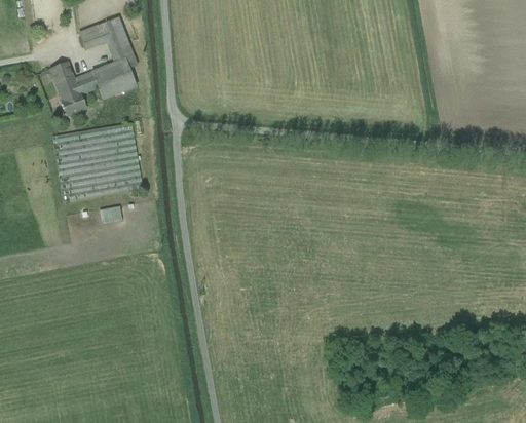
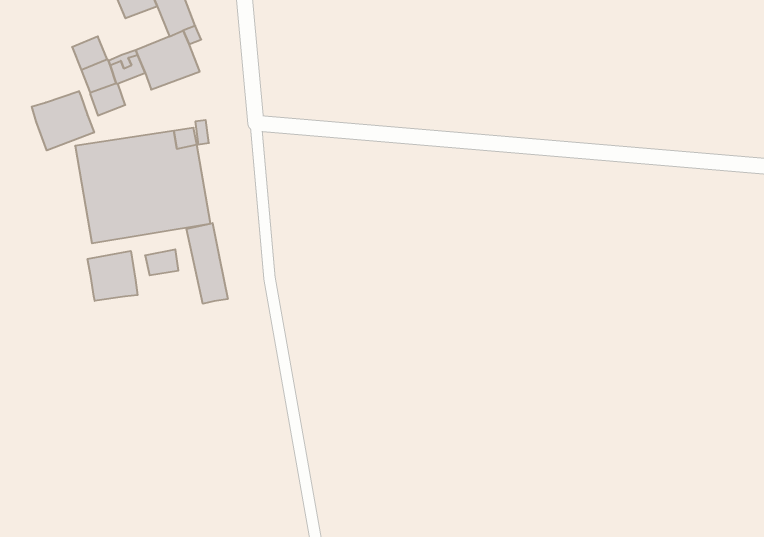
building: none -> [32,91,94,150]
building: none -> [187,223,228,304]
building: none -> [88,251,138,301]

